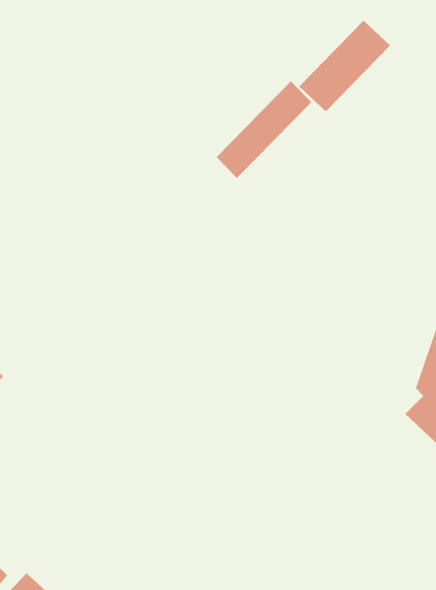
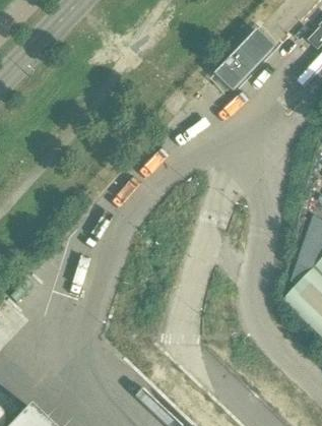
building: [216,80,312,179] -> none

